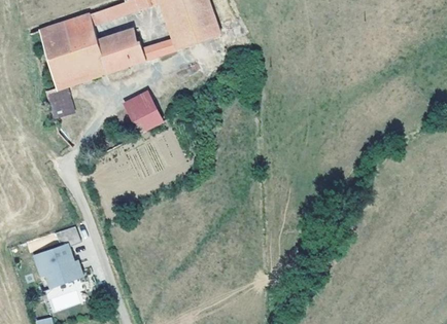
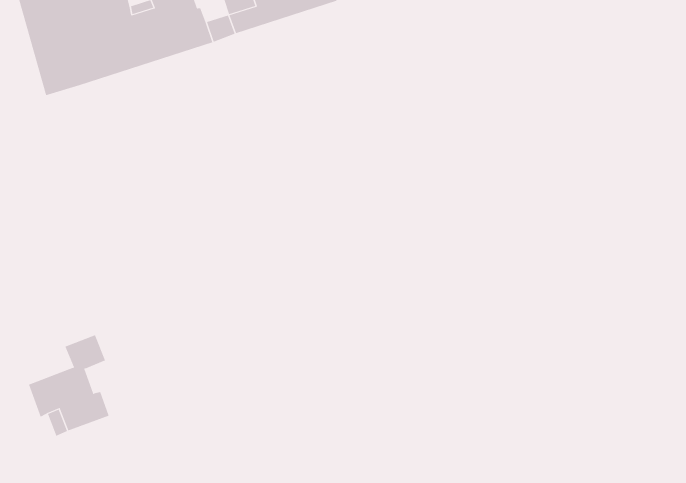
building: [47,84,75,116] -> none
building: [129,96,165,134] -> none

